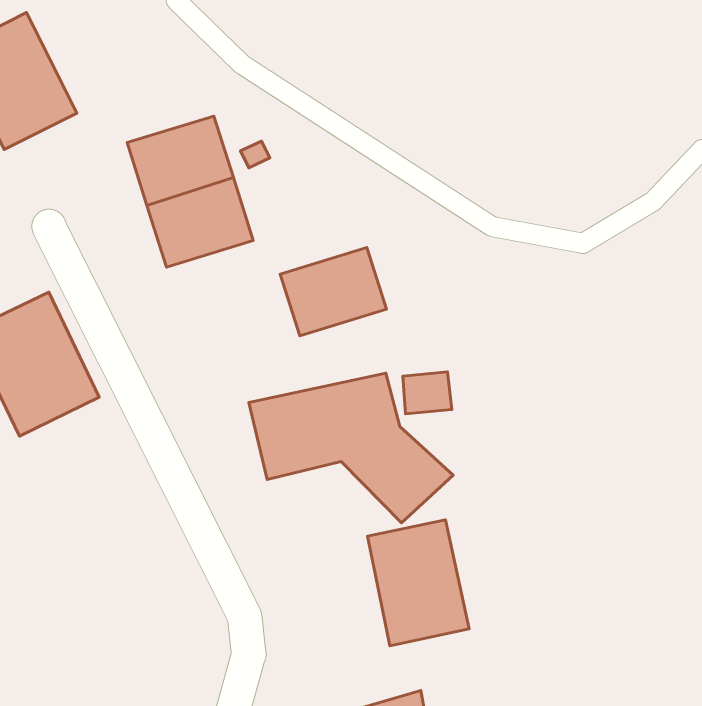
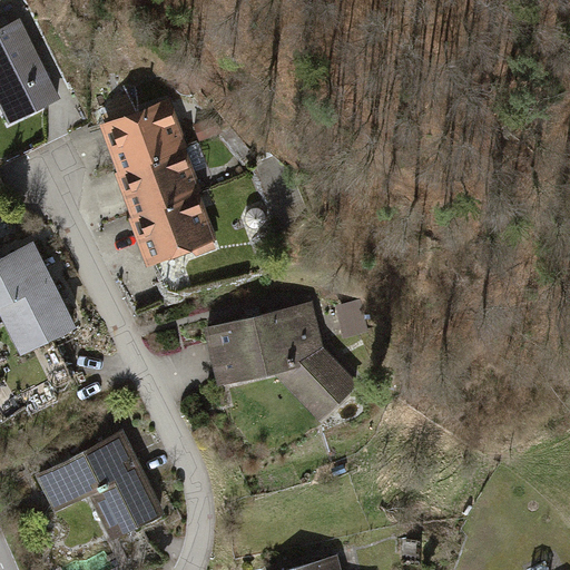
building: [280,248,386,336] -> [132,198,217,268]
building: [367,520,469,646] -> none
building: none -> [26,429,165,542]

